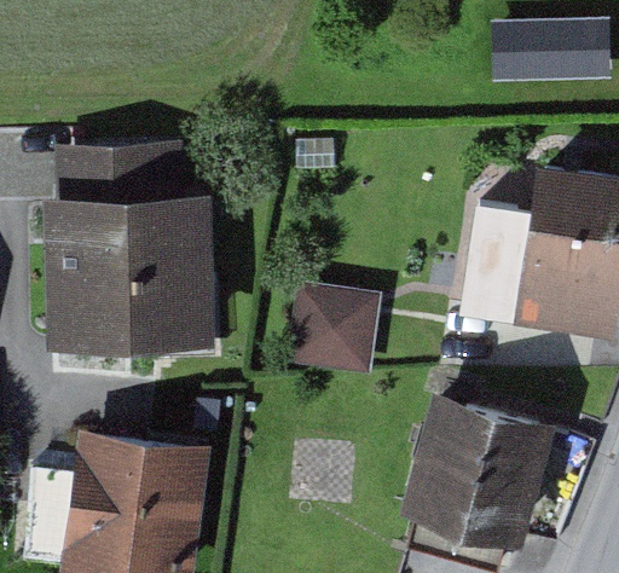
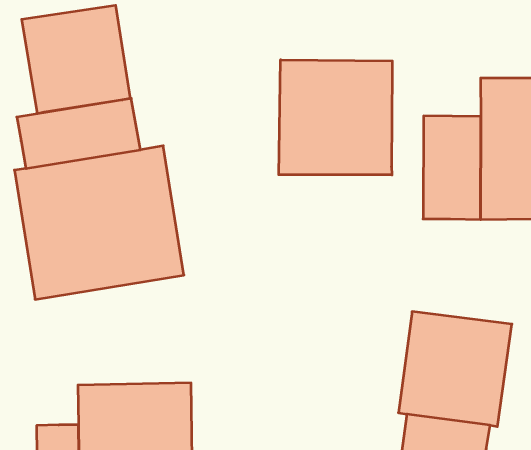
building: none -> [22,5,130,114]
building: none -> [279,60,392,175]
building: [300,294,381,374] -> none

